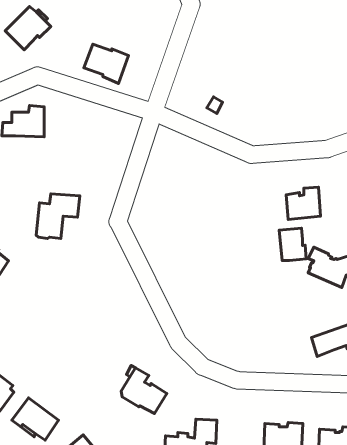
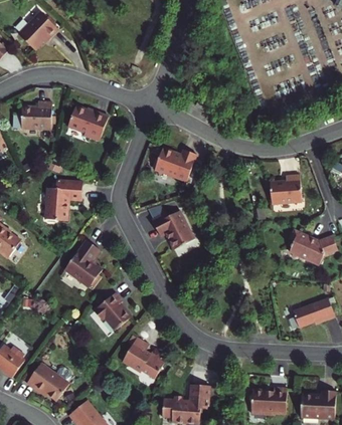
building: [84,44,129,83] -> [68,107,109,142]
building: none -> [155,148,197,183]
building: none -> [155,210,197,248]
building: [279,228,306,260] -> none
building: none -> [63,240,103,287]
building: none -> [94,293,130,331]

